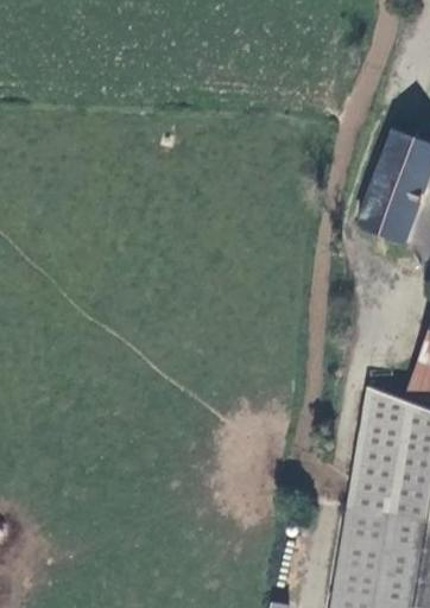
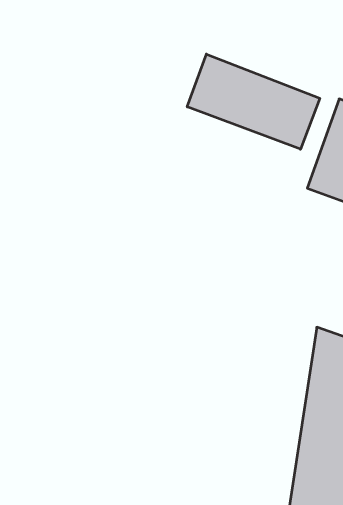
building: none -> [187,54,320,149]

